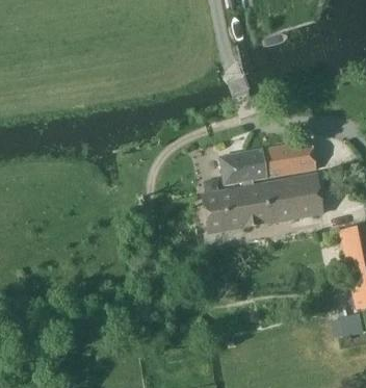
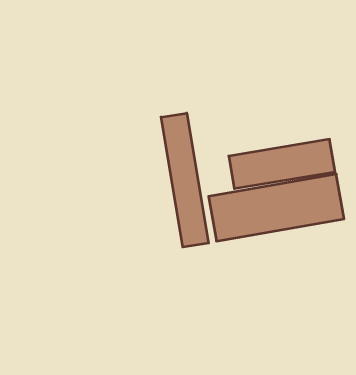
building: none -> [161,113,209,247]

